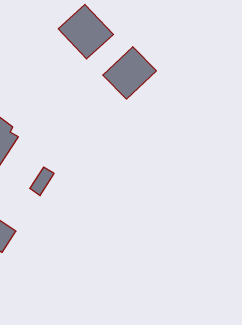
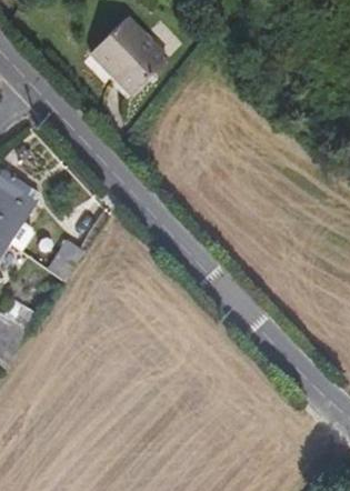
building: [103,47,156,99] -> none

